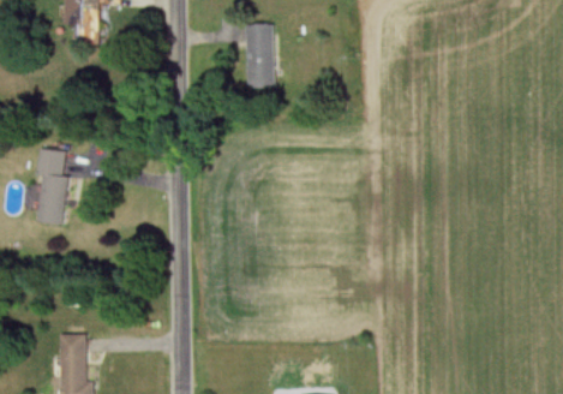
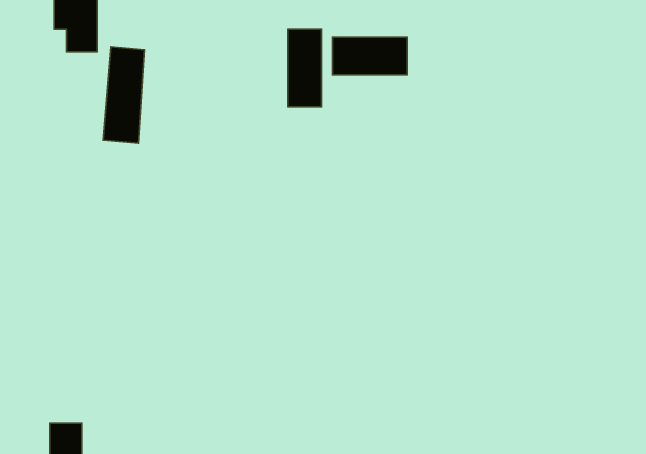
building: none -> [333,37,407,75]
building: [36,149,68,225] -> [103,47,145,143]

